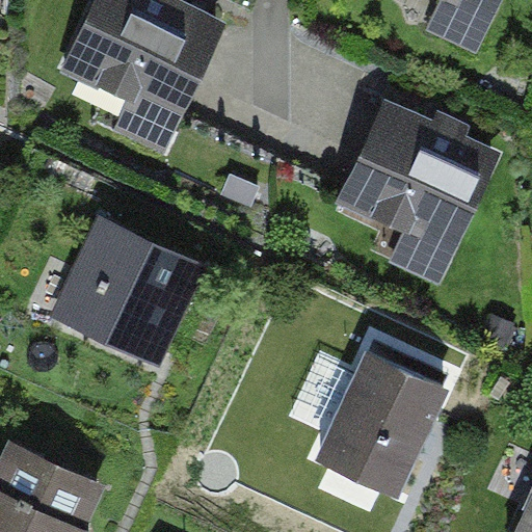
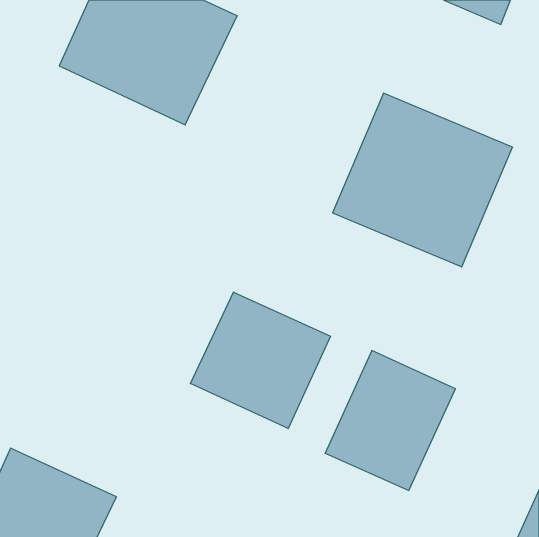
building: [45,214,200,366] -> none
building: none -> [190,292,331,429]

